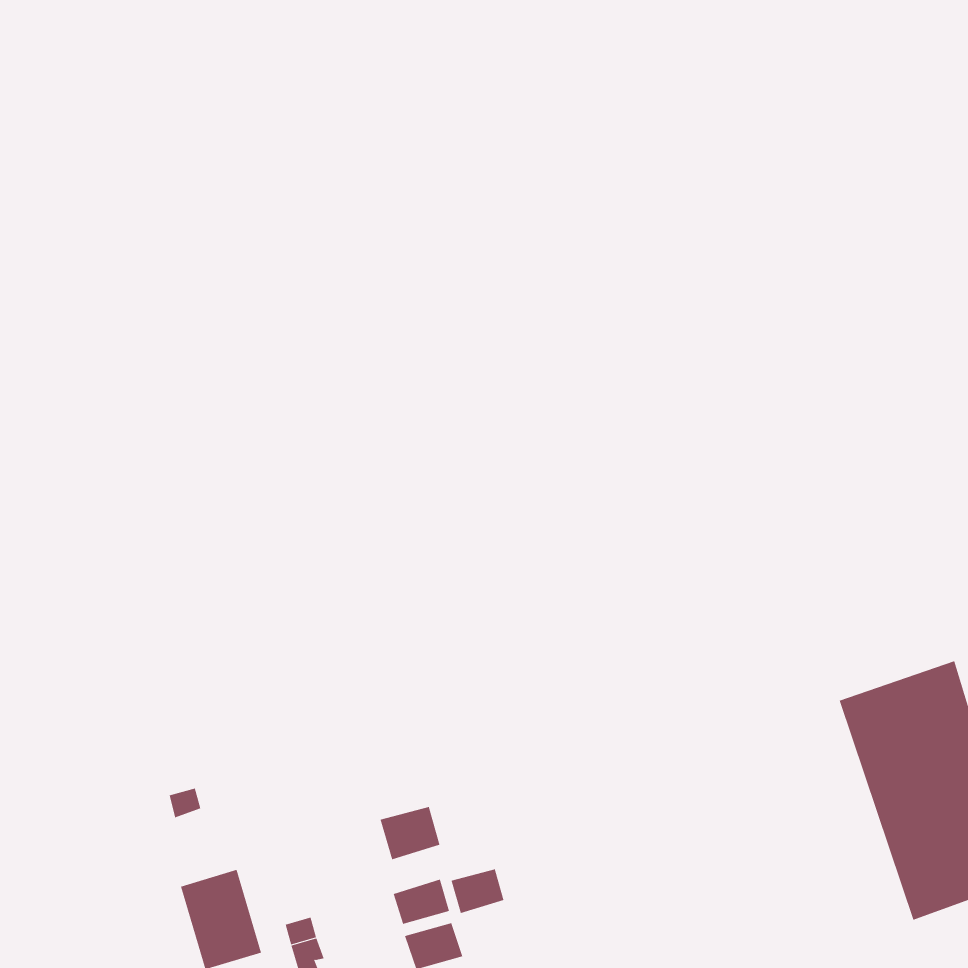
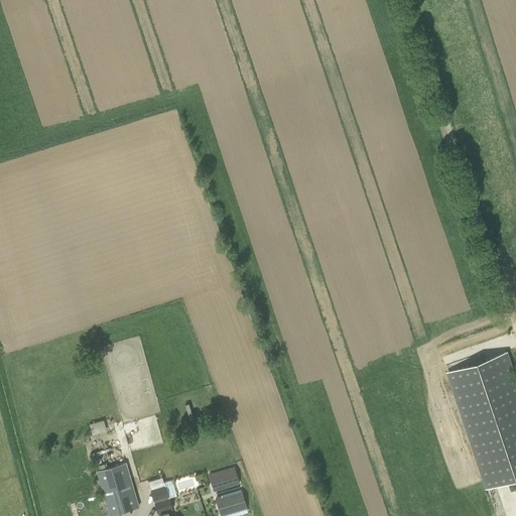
building: [380,806,440,860] -> none
building: [451,868,504,914] -> none

